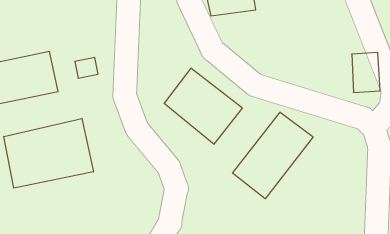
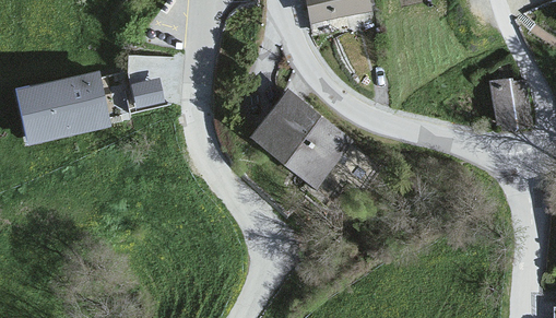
building: [233,112,313,199] -> none
building: [4,118,93,188] -> none

